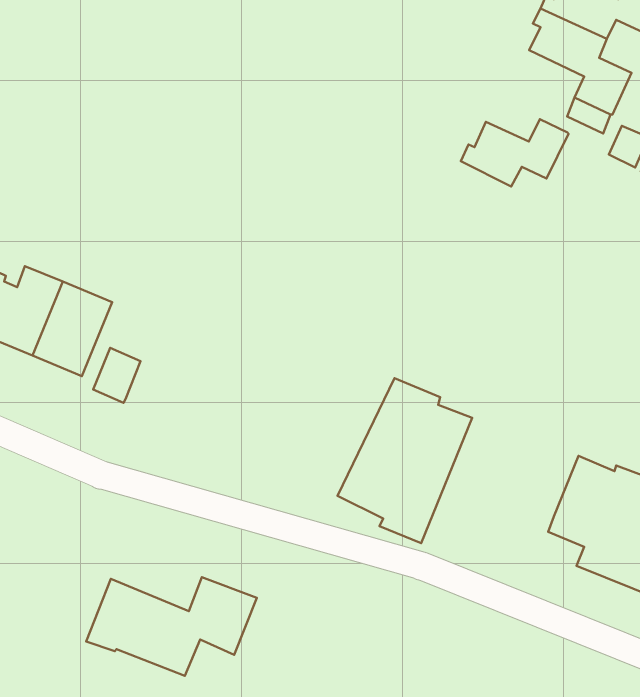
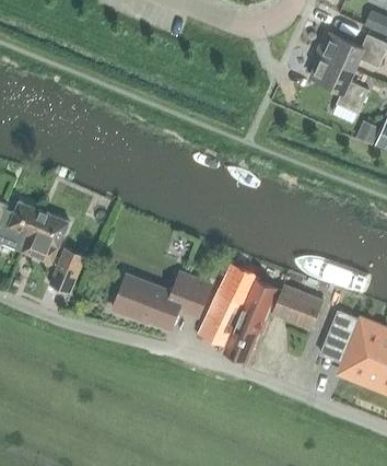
building: [461,119,568,186] -> none
building: none -> [272,284,324,328]
building: [86,577,257,676] -> [113,271,211,328]

